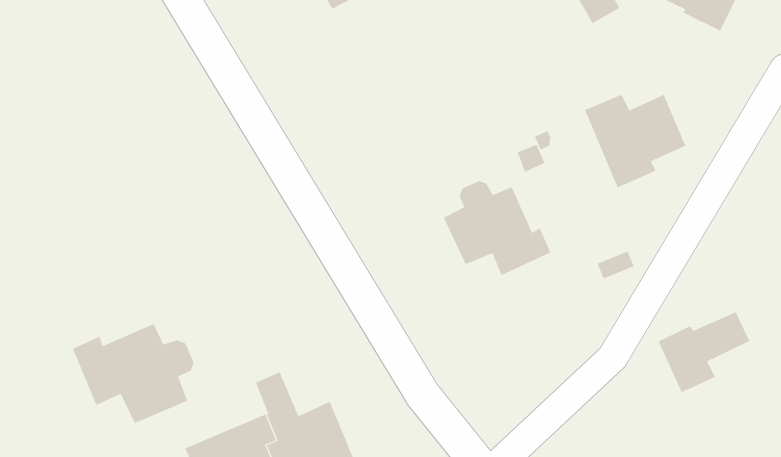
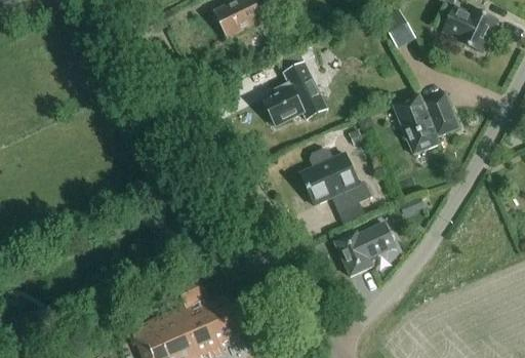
building: none -> [262,44,328,125]
building: [658,311,750,393] -> [334,222,395,275]
building: [72,323,194,424] -> none

